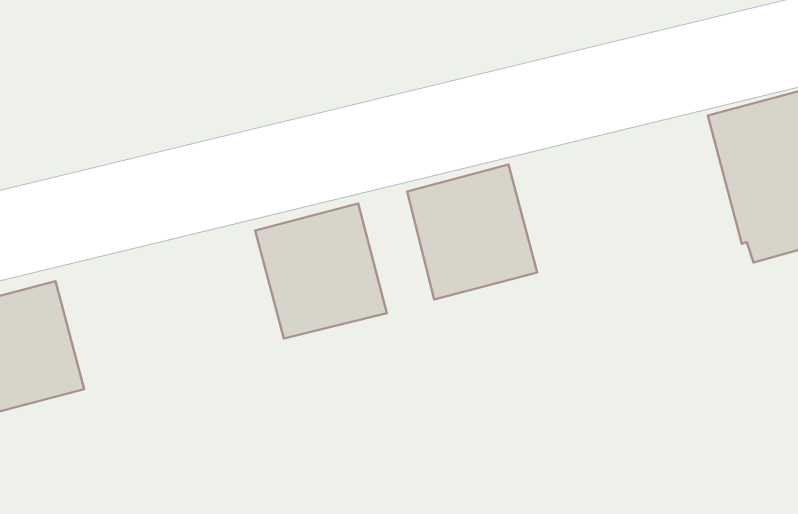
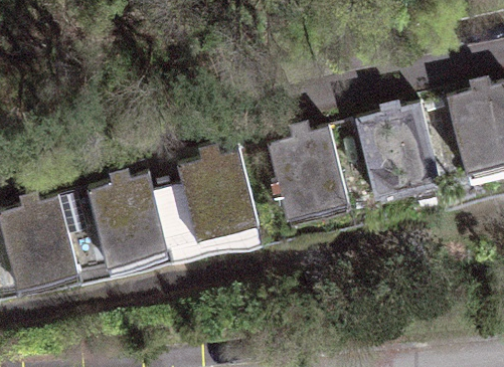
building: none -> [359,110,437,190]
building: none -> [89,178,166,257]

